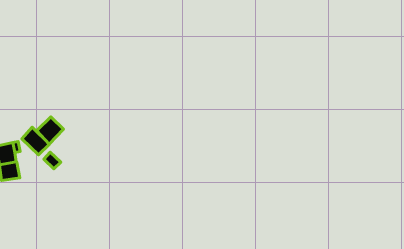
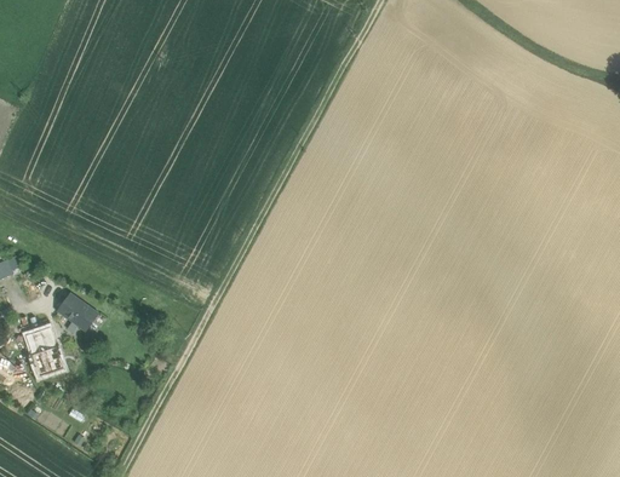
building: [37,117,64,144] -> none

